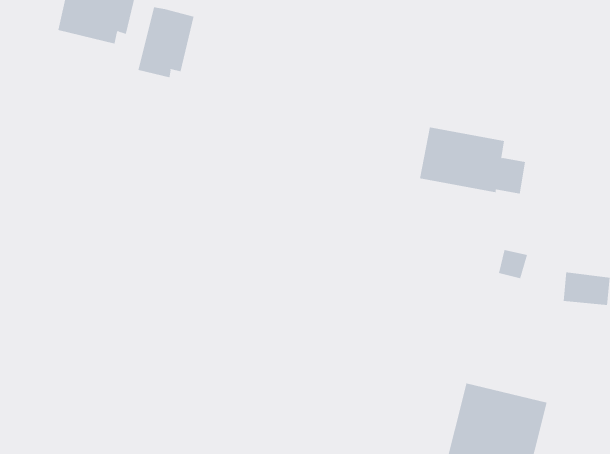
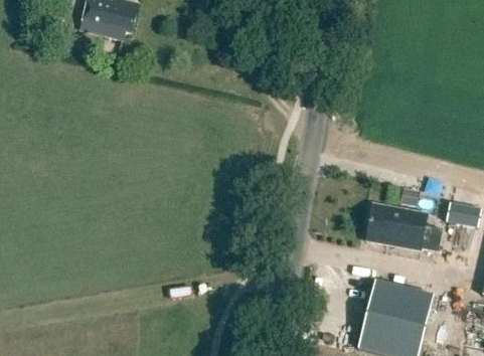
building: [138,6,194,78] -> none
building: [419,127,526,194] -> [364,204,441,252]

